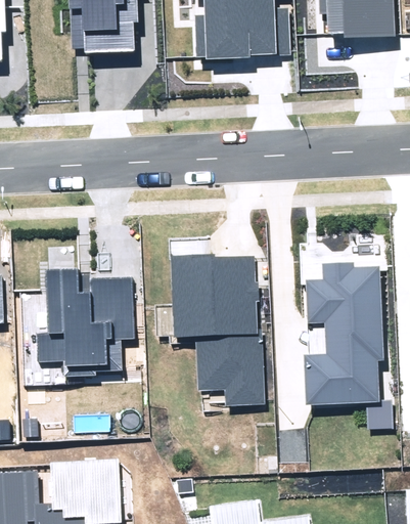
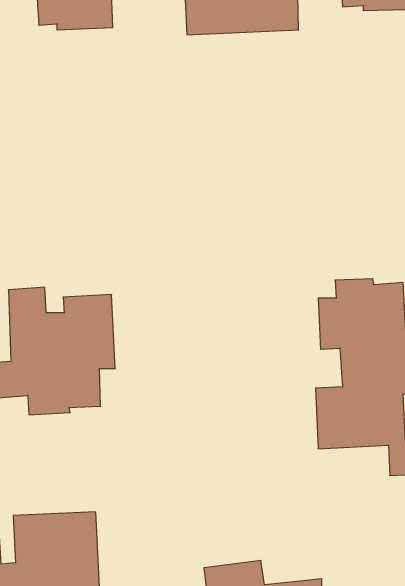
building: [172,254,265,405] -> none

